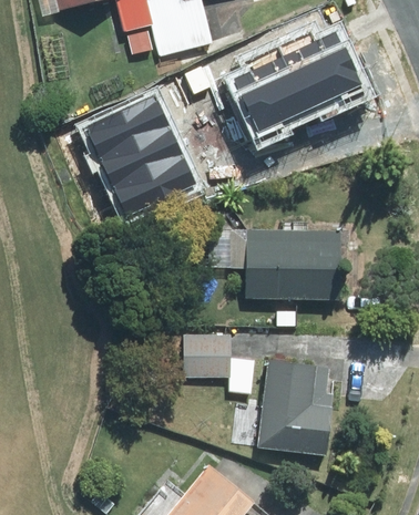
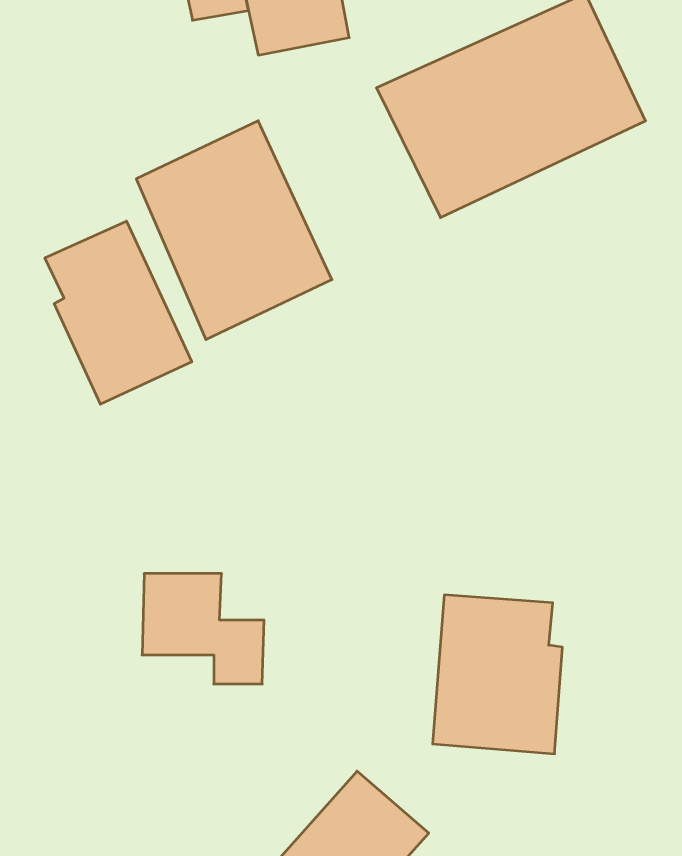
building: none -> [45,221,192,404]
building: [209,225,340,301] -> none
building: [183,331,253,394] -> [142,574,264,684]

